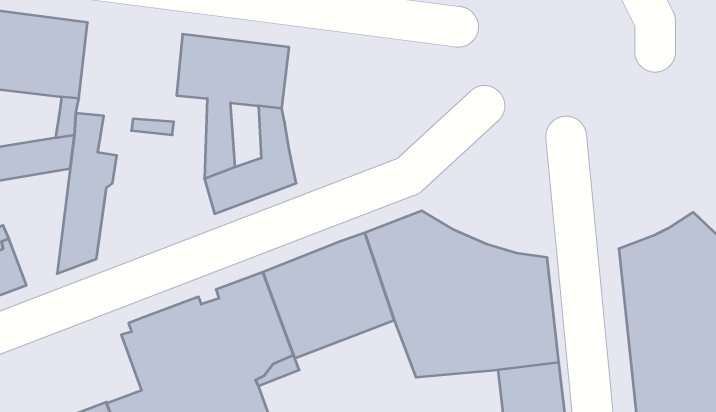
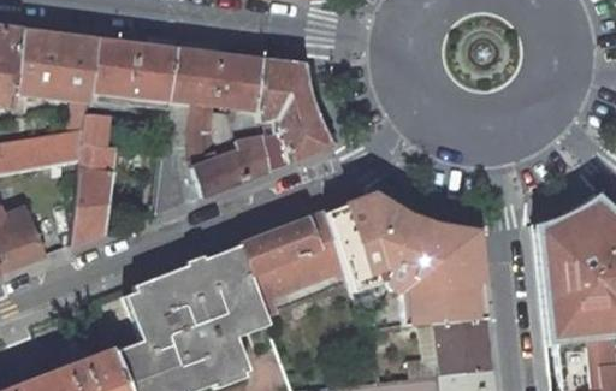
building: none -> [90,38,174,106]
building: none -> [256,59,331,171]
building: none -> [156,149,201,213]

